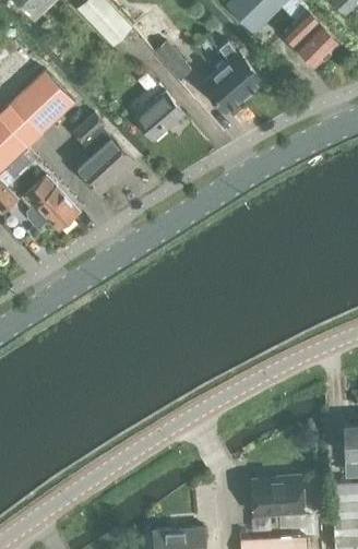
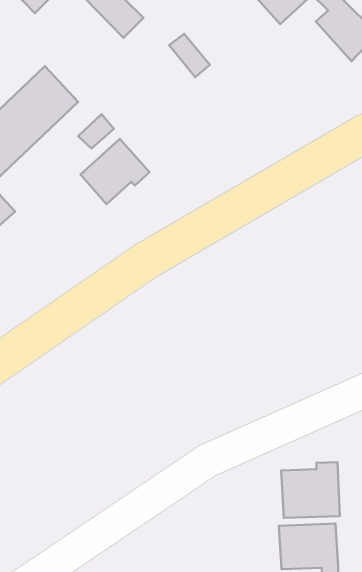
building: [205,41,252,108] -> none
building: [134,93,183,140] -> none
building: [22,178,80,231] -> none
building: none -> [281,462,340,518]

